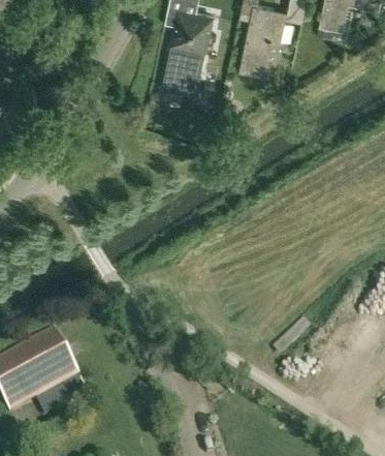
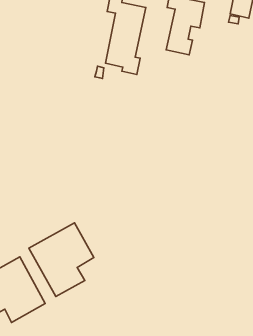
building: none -> [29,223,94,296]

